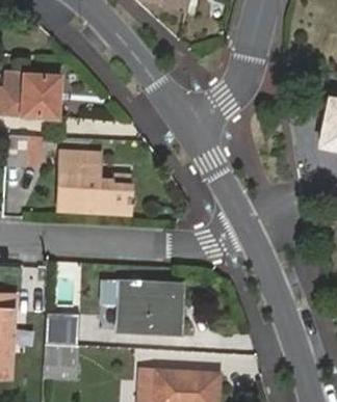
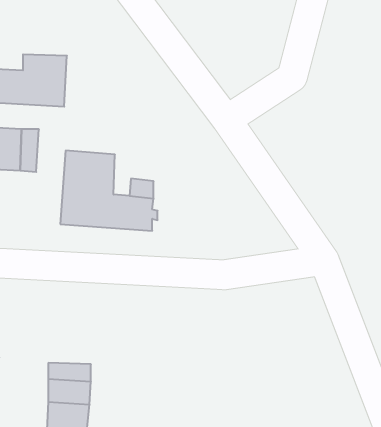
building: [101,282,184,336] -> none

